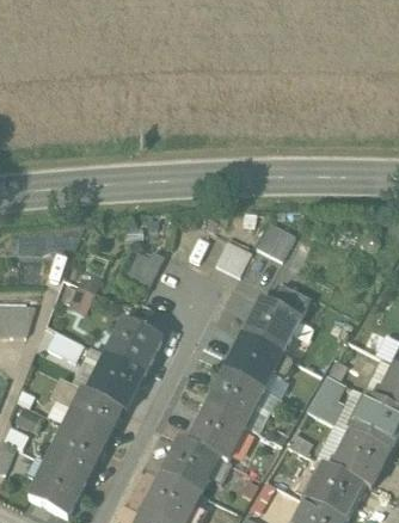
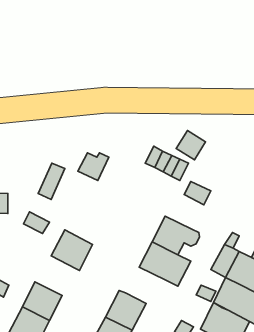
building: [244,302,297,355] -> none
building: [105,322,161,376] -> none
building: [49,379,121,447] -> none
building: [189,407,245,462] -> none

